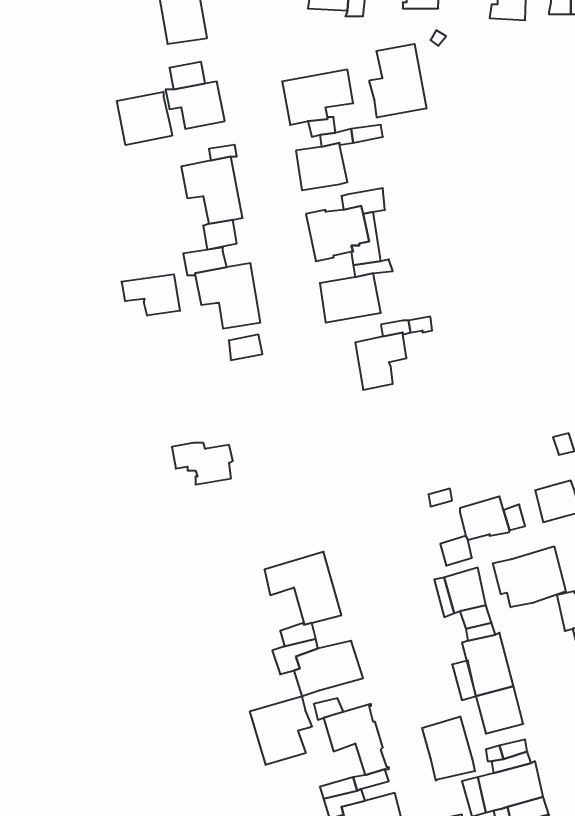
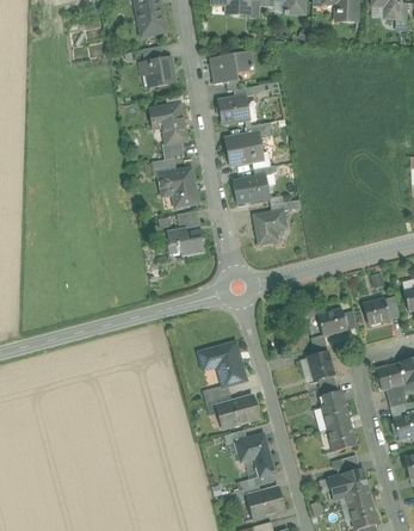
building: [369,44,426,118] -> none
building: [117,92,172,145] -> none
building: [121,274,180,316] -> none
building: [172,443,233,484] -> [167,229,204,254]
building: [493,546,566,607] -> none
building: [250,696,312,765] -> none
building: [422,716,475,781] -> none

